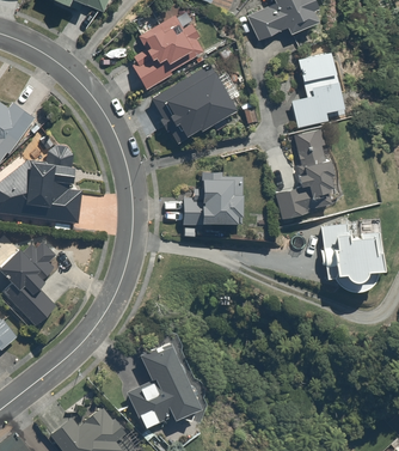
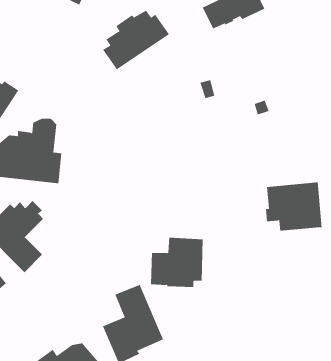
building: [289,45,346,128] -> none
building: [145,66,237,145] -> none
building: [275,141,334,220] -> none
building: [180,172,243,231] -> [150,237,203,287]

